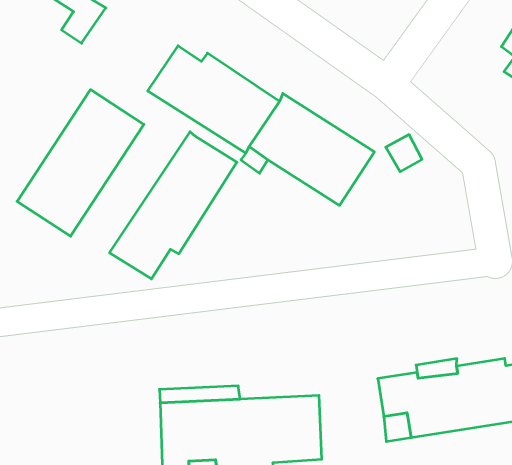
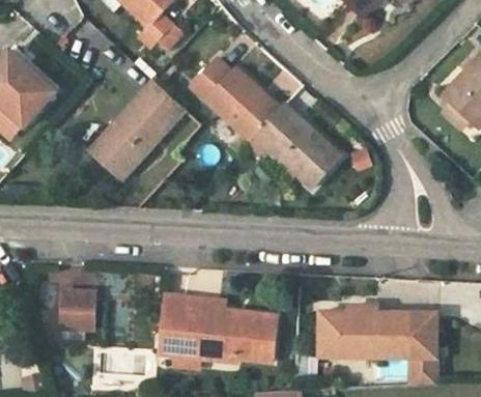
building: [110,132,237,279] -> none
building: none -> [60,293,93,330]

